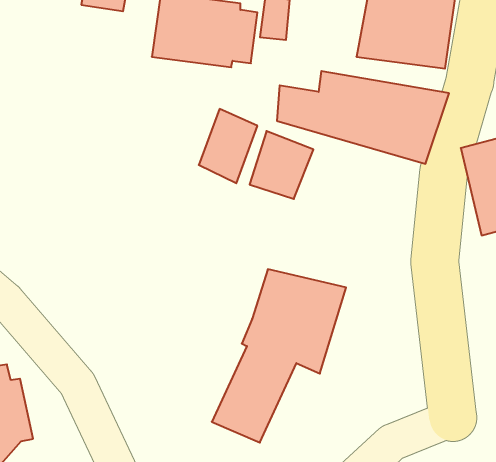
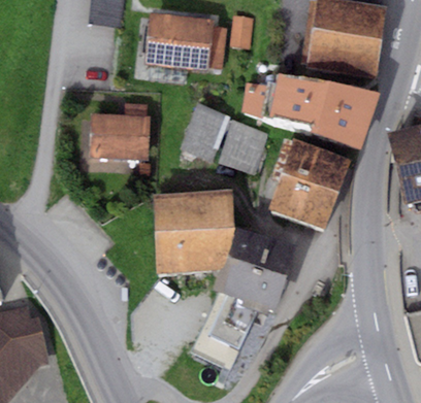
building: none -> [90,102,151,160]
building: none -> [268,135,351,230]
building: none -> [155,190,235,273]

